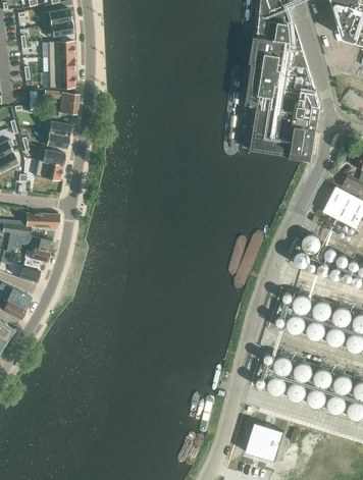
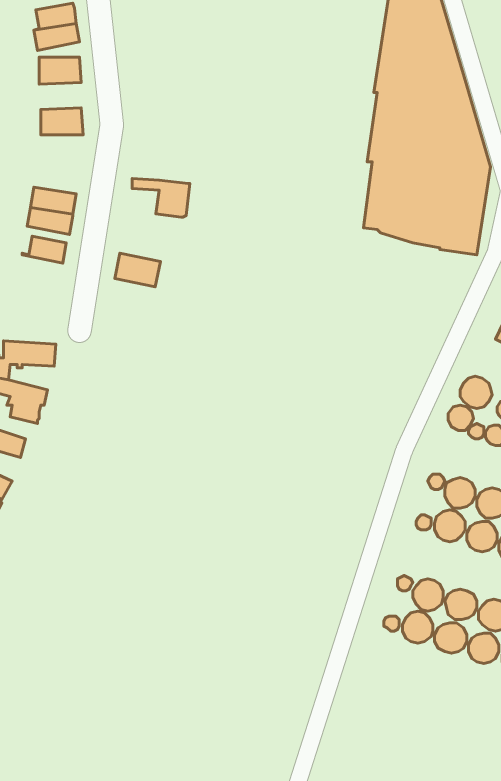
building: [48,57,73,73] -> none
building: [45,92,80,115] -> [132,178,190,217]
building: [35,161,62,181] -> [115,253,160,287]
building: [245,423,283,462] -> none

